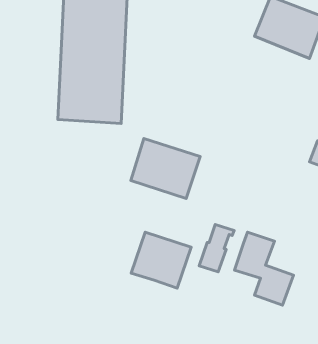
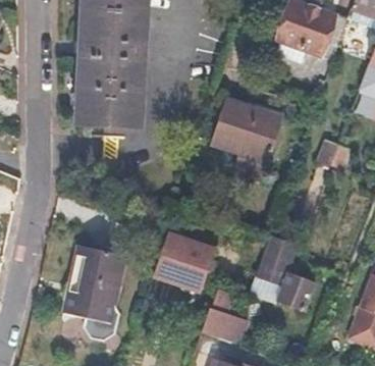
building: [131,138,200,199] -> [210,100,280,161]
building: [199,225,234,272] -> [201,292,236,339]
building: none -> [62,245,124,341]

